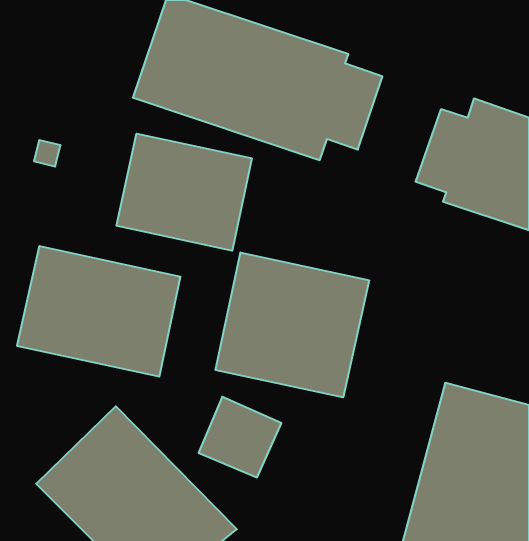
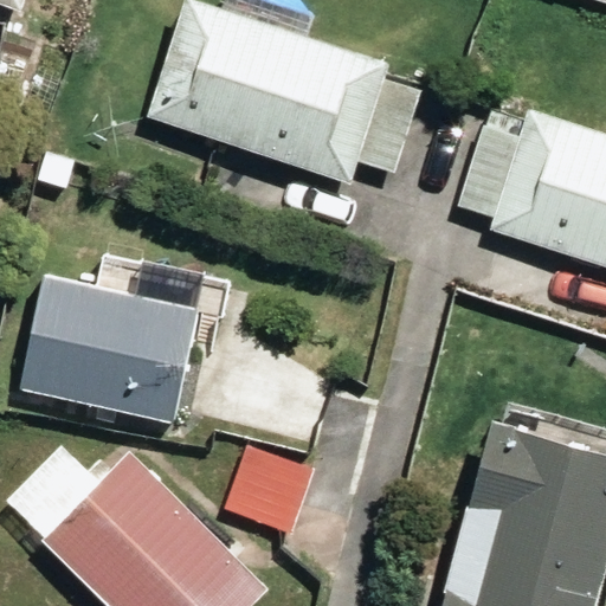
building: [116,134,252,251] -> none
building: [216,252,369,397] -> none

